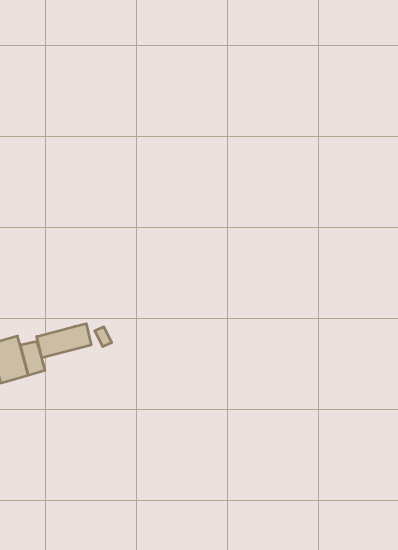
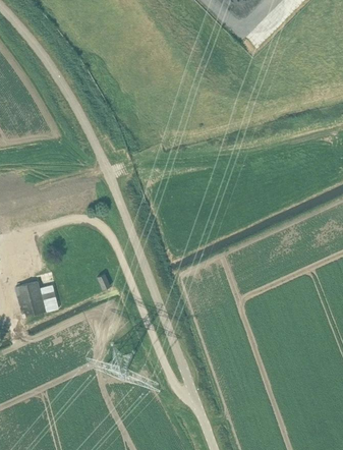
building: [37,324,91,358] -> none

